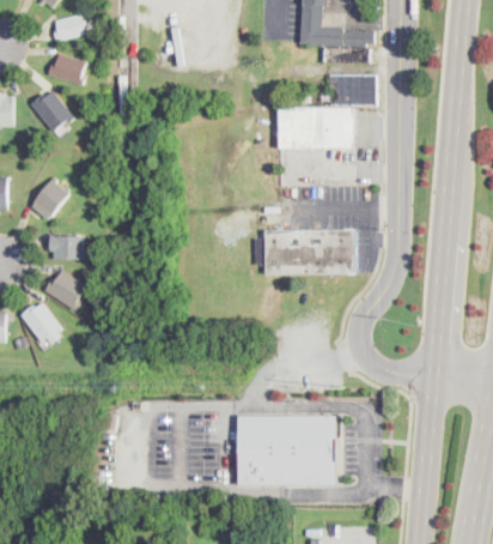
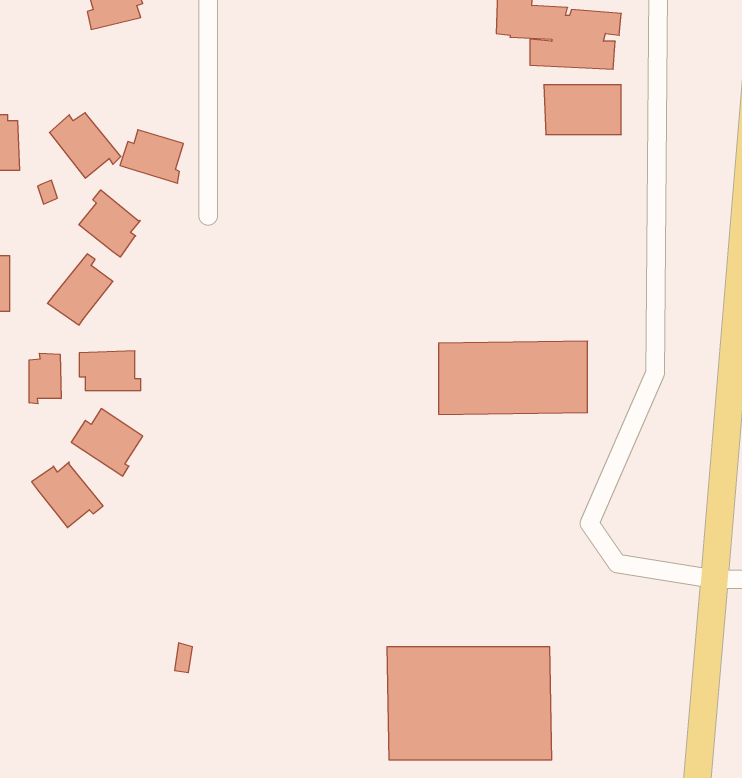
building: [48,54,86,86] -> [120,130,183,183]
building: [276,105,354,146] -> none
building: none -> [79,190,140,257]
building: none -> [29,353,61,404]

